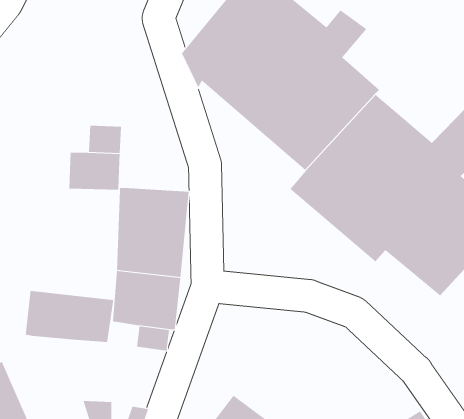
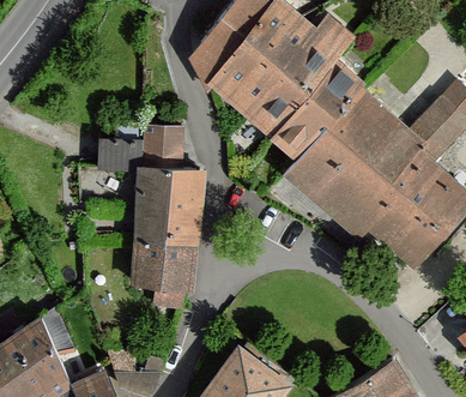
building: none -> [144,128,183,174]
building: [25,290,114,343] -> none

